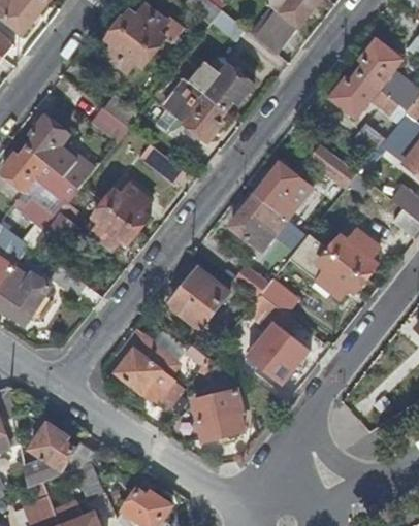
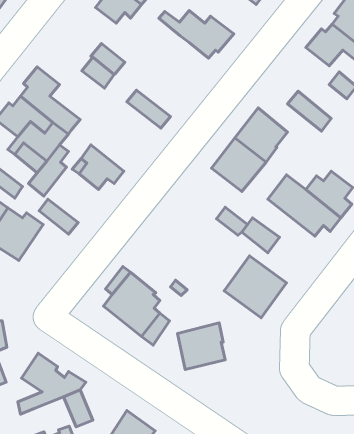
building: [151,66,226,139] -> none
building: [101,175,150,228] -> none
building: [169,267,228,328] -> none

